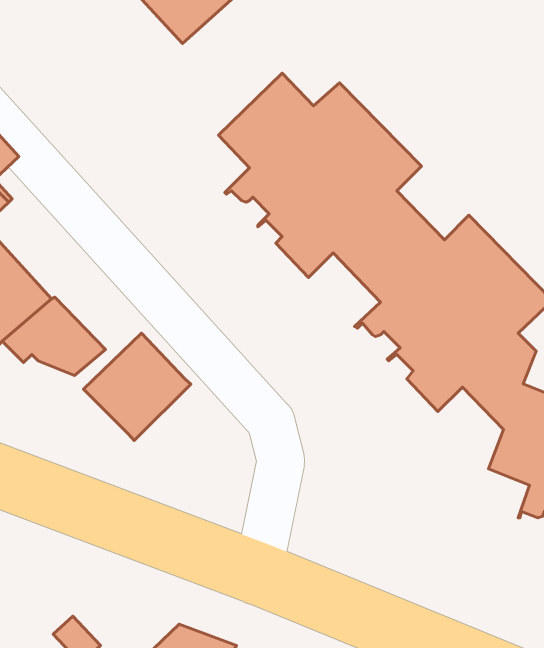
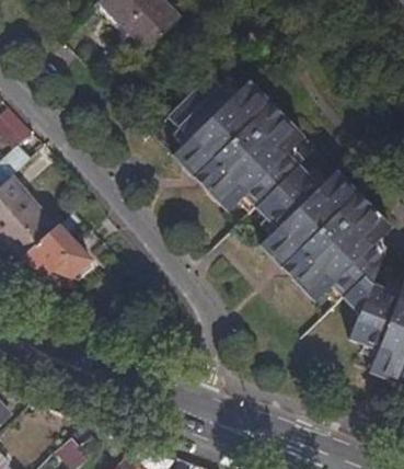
building: [83,333,191,440] -> none

